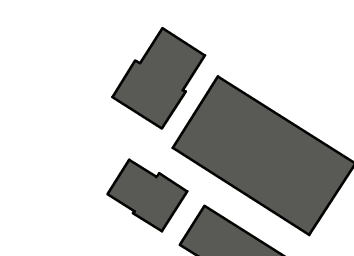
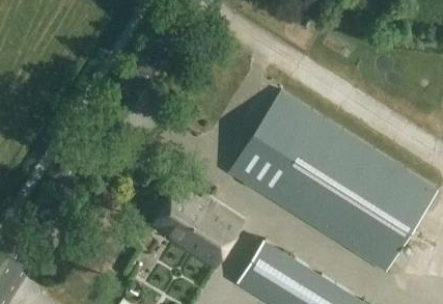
building: [112,28,205,128] -> none

